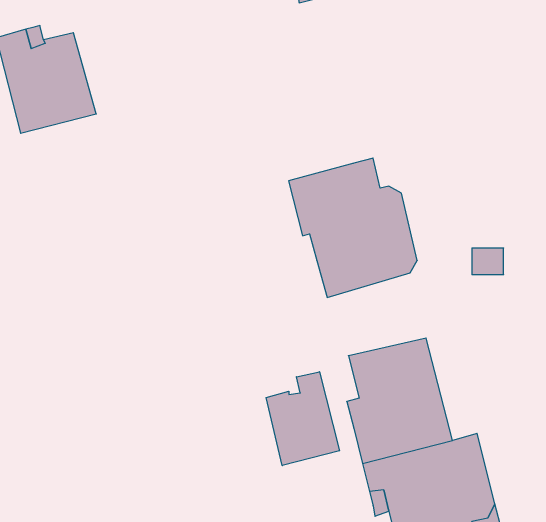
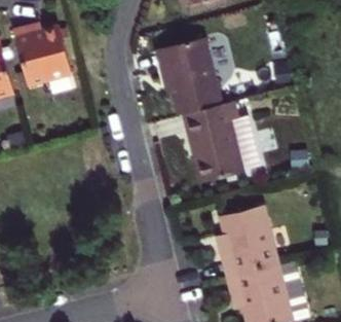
building: none -> [155,37,221,115]
building: [266,372,340,466] -> none

